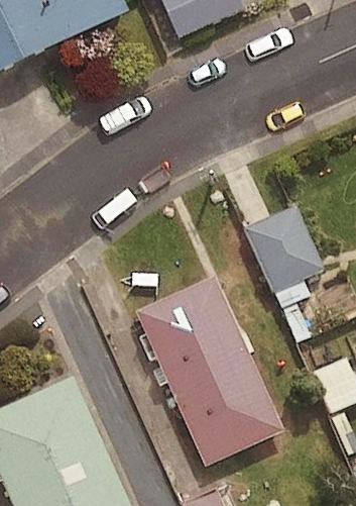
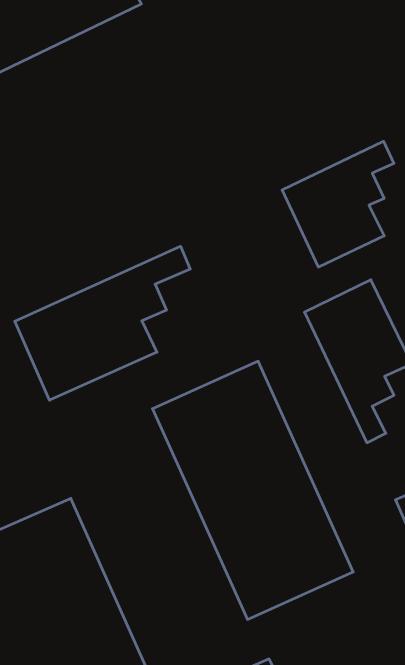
building: none -> [282,141,394,267]
building: none -> [15,246,190,400]

